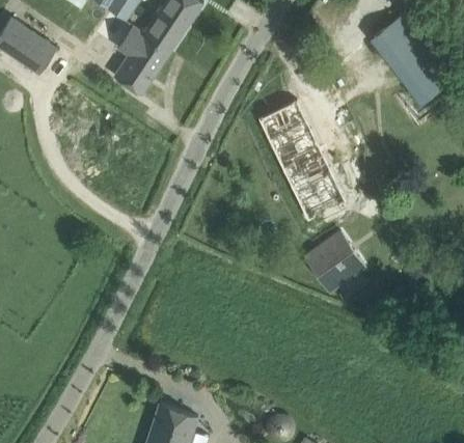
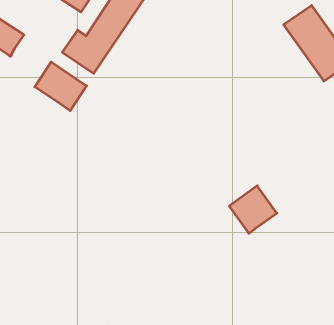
building: none -> [35,62,87,111]
building: [257,101,345,220] -> none

